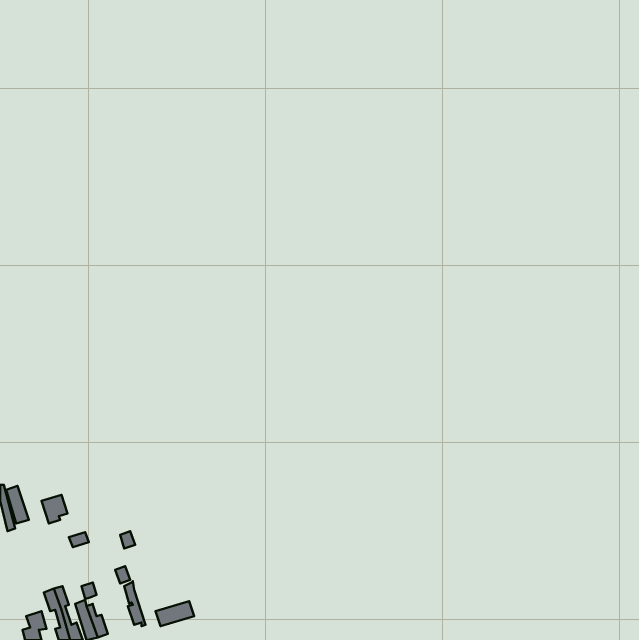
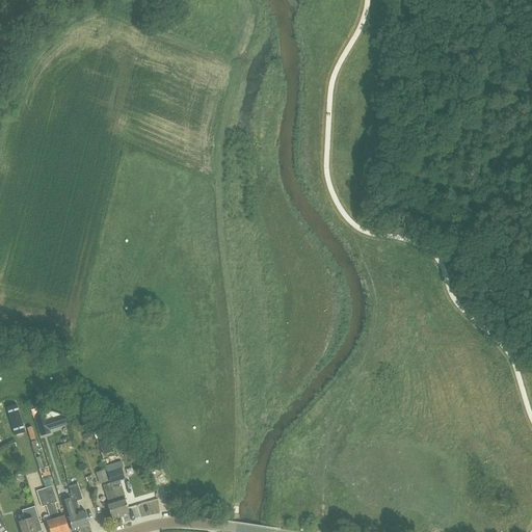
building: none -> [106,461,130,518]

